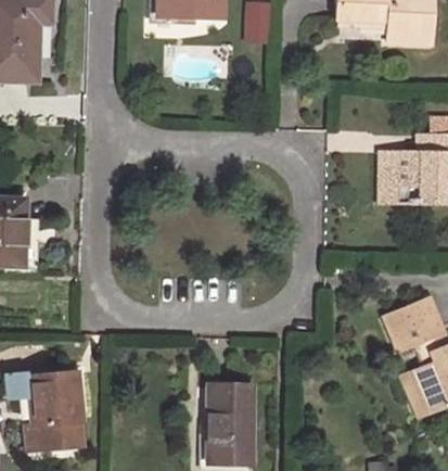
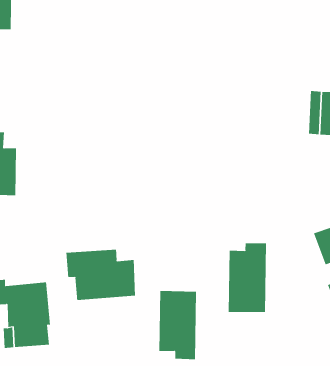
building: none -> [228,242,267,313]
building: none -> [66,249,135,301]

